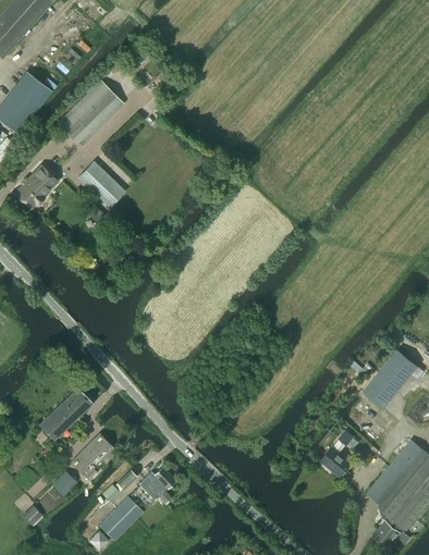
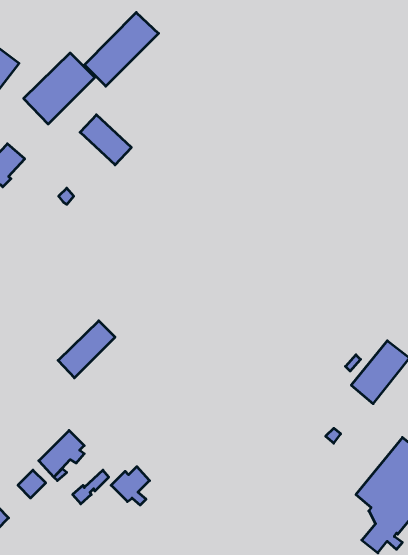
building: none -> [85,12,159,86]
building: [77,161,125,208] -> [80,115,131,165]
building: [39,387,93,441] -> [58,321,115,378]
building: [321,447,352,477] -> none
building: [99,496,143,541] -> none

